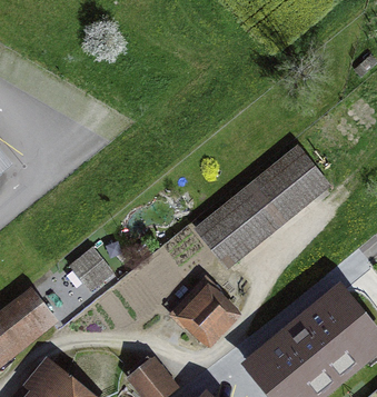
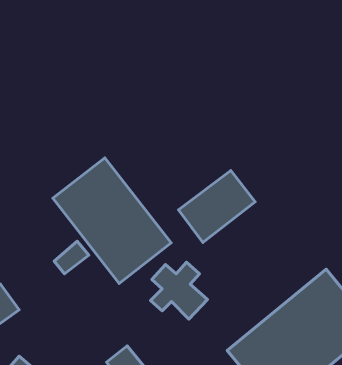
building: [249,153,324,221] -> none
building: none -> [53,158,171,283]

